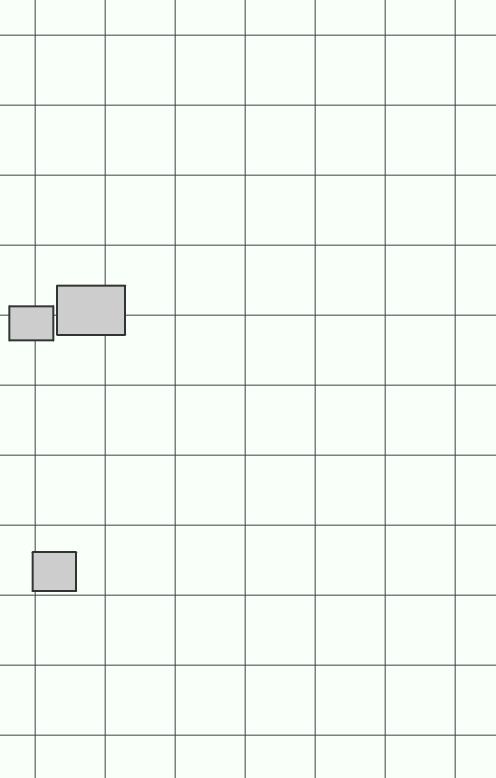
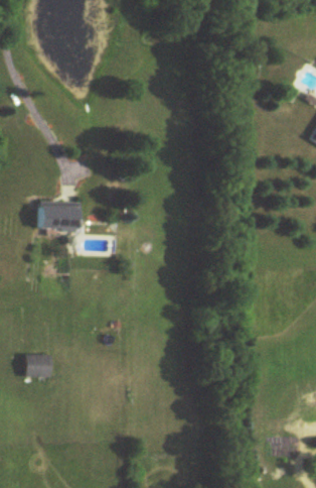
building: [9,306,53,341] -> none

